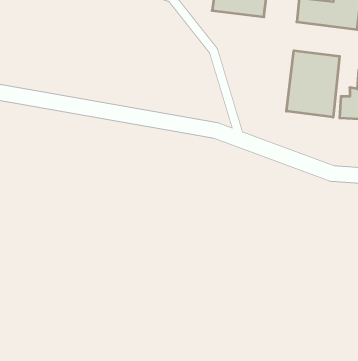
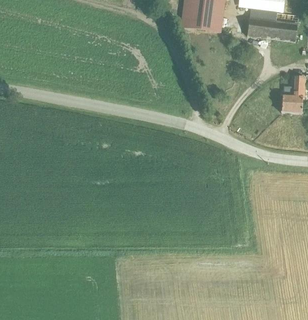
building: [286,51,340,117] -> none

